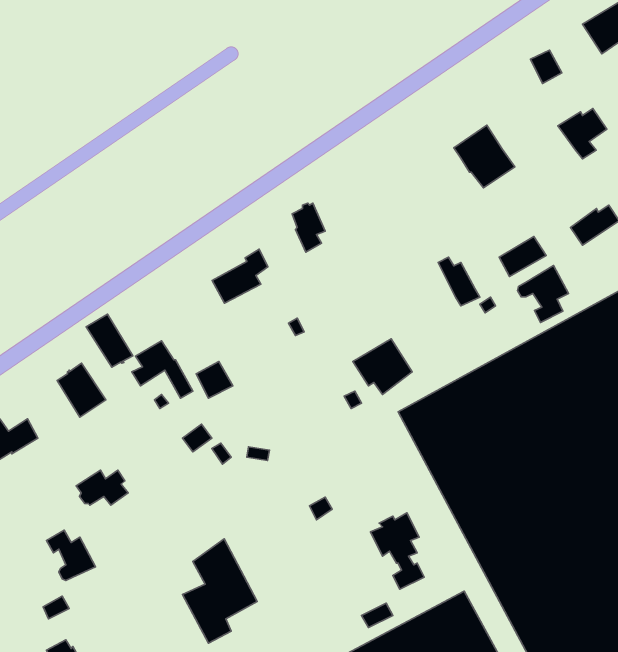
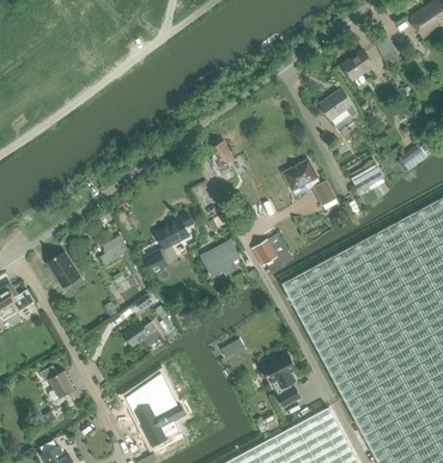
building: [558,108,607,159] -> [341,53,375,87]
building: none -> [284,160,317,191]
building: [212,249,268,303] -> [156,212,194,249]
building: [518,266,568,322] -> none
building: [86,314,133,367] -> none
building: none -> [201,240,239,274]
building: [76,470,128,505] -> [123,323,159,347]

